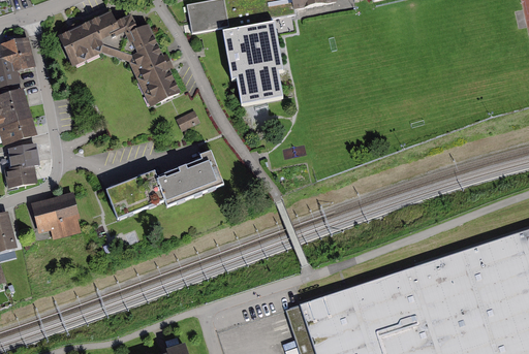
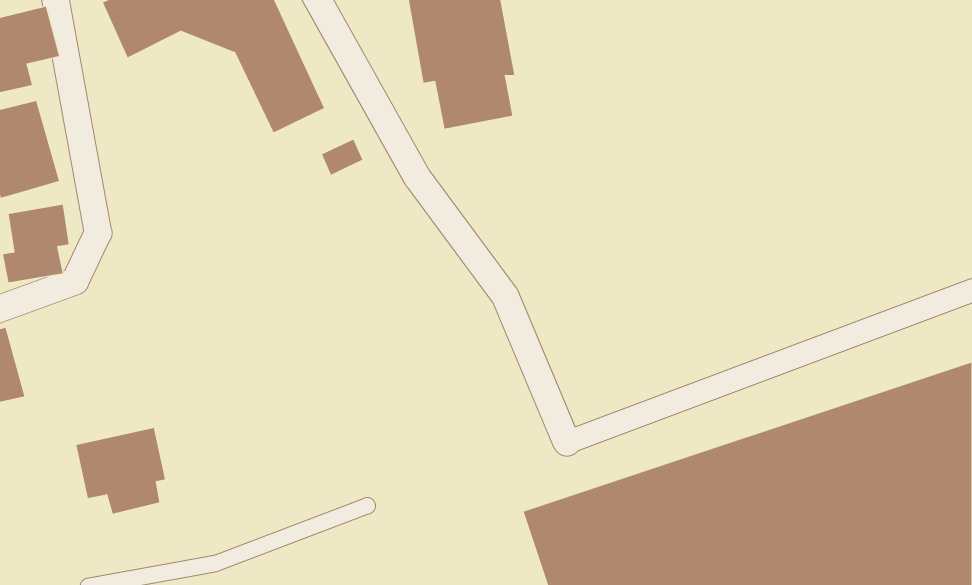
building: [105,149,224,219] -> none
building: [33,192,82,238] -> [76,428,166,514]

